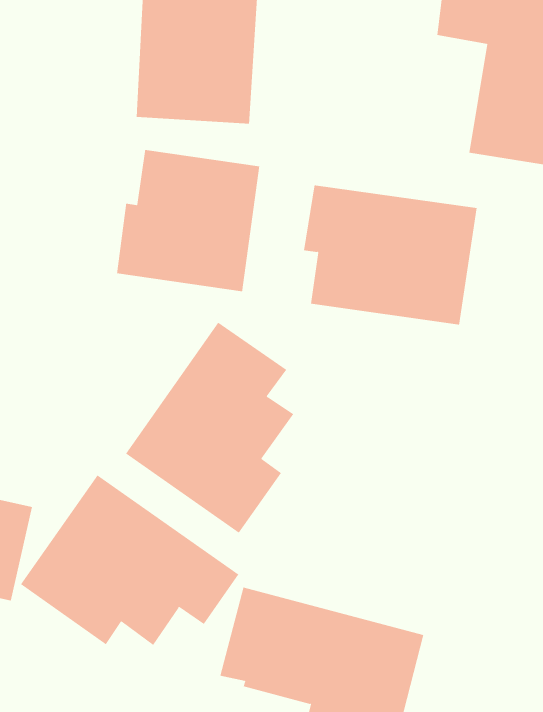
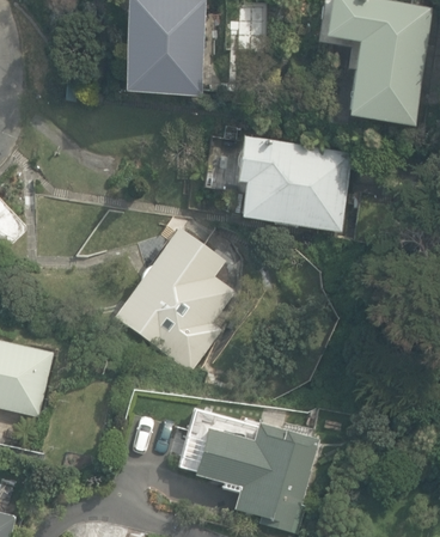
building: [117,149,260,292] -> none
building: [20,474,239,646] -> none

